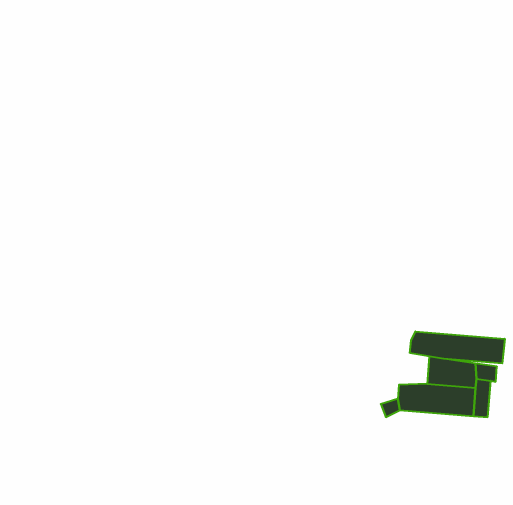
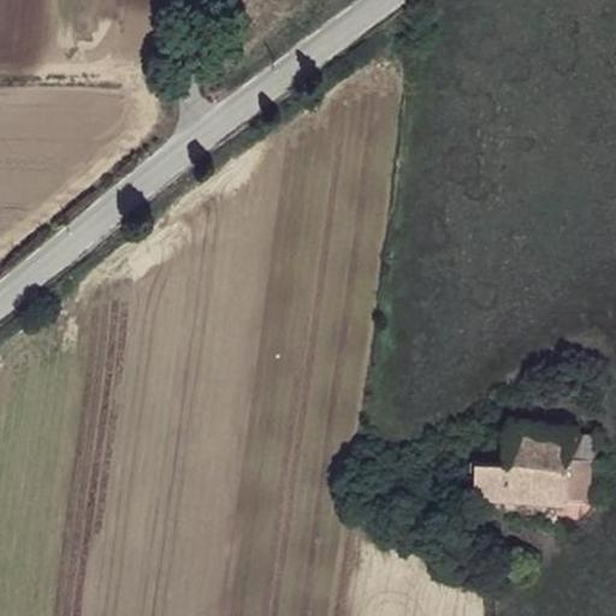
building: [410,331,505,363] -> none

